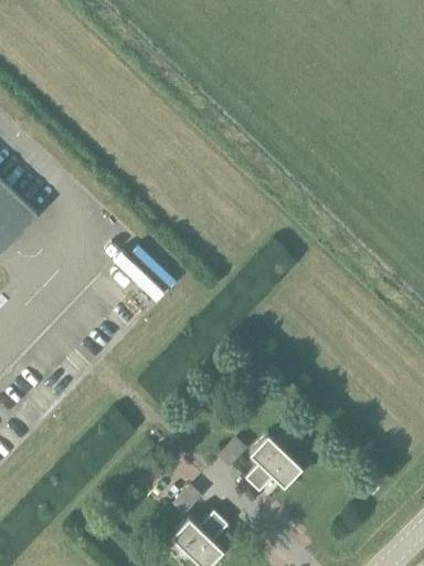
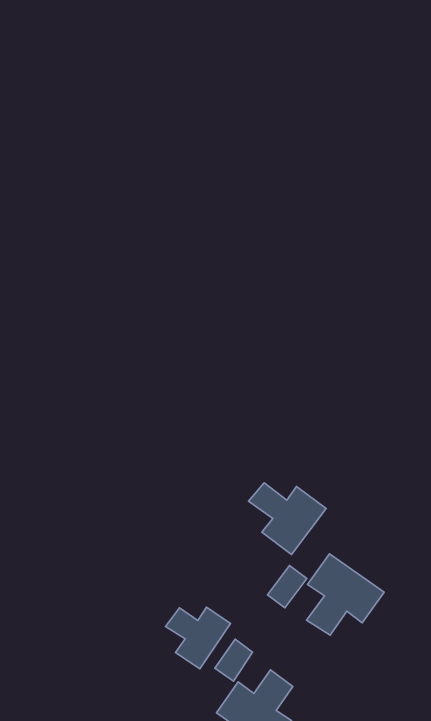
building: none -> [249,483,326,554]
building: none -> [166,607,231,669]

